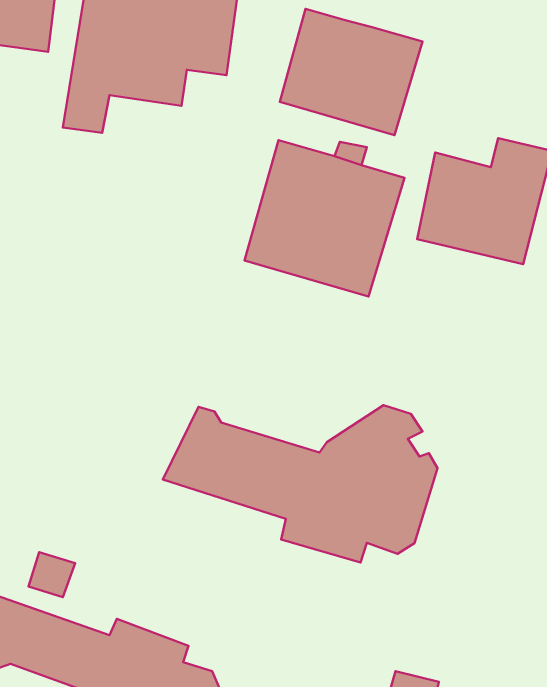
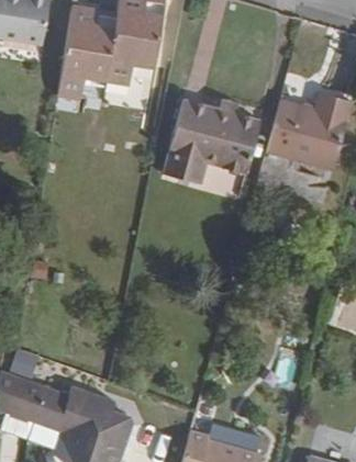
building: [280,9,422,135] -> none
building: [163,405,438,563] -> none

